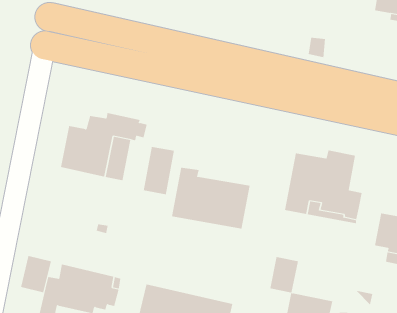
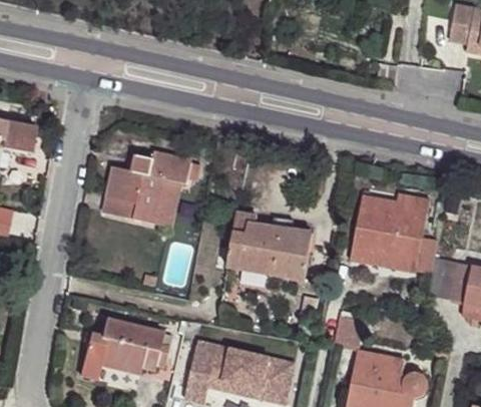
building: [143,146,174,195] -> none
building: none -> [427,257,457,298]
building: [21,255,51,293] -> none

